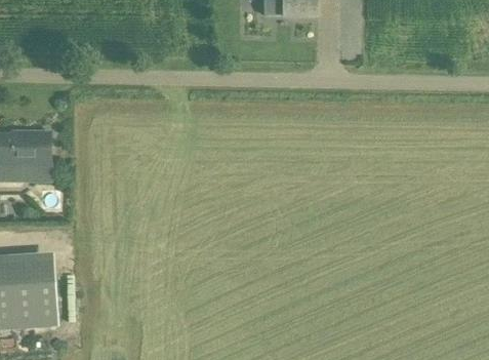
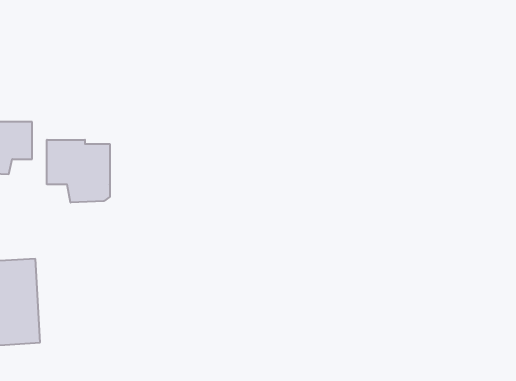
building: none -> [47,140,110,203]

